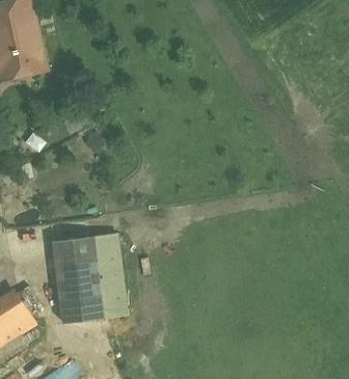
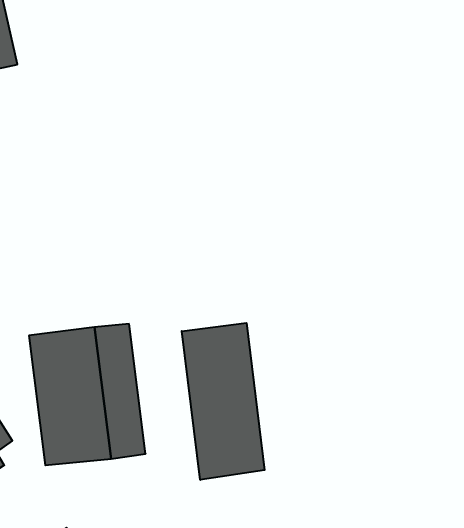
building: none -> [182,323,265,480]

